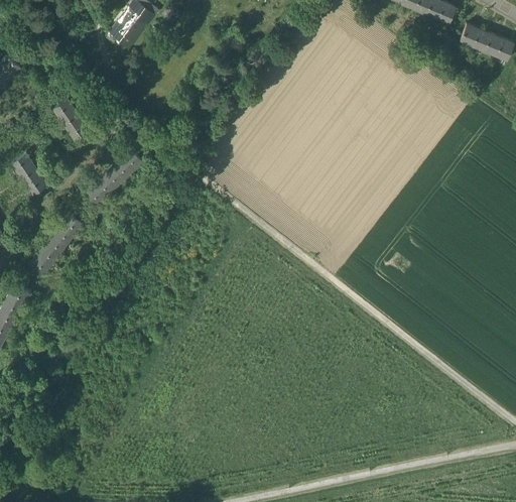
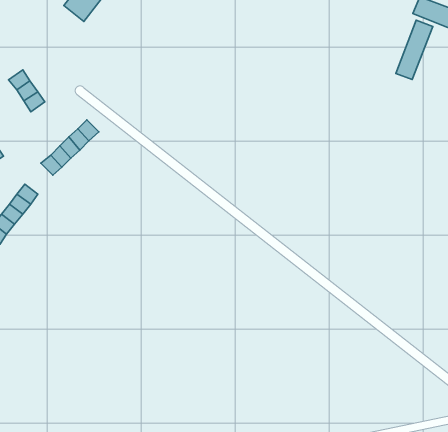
building: none -> [396,20,433,79]

